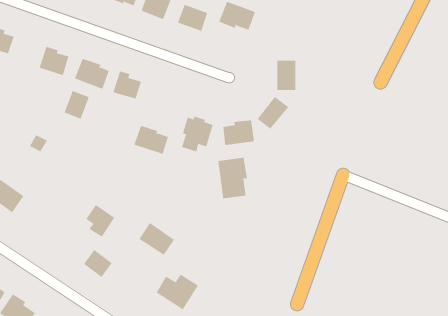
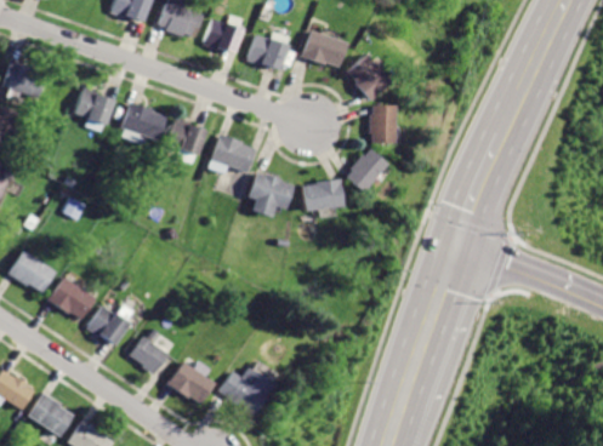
building: none -> [343,53,388,102]
building: [64,90,89,119] -> none
building: [134,125,169,155] -> [212,135,256,171]
building: [218,157,247,199] -> none
building: none -> [50,276,97,318]
building: [86,204,115,238] -> [93,305,130,347]
building: [139,222,175,255] -> [170,362,215,404]

